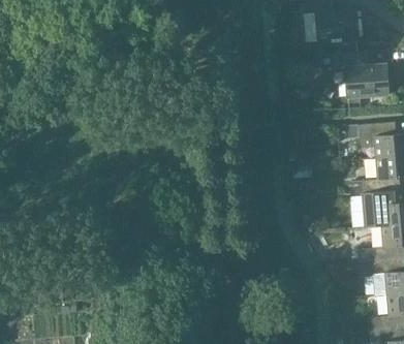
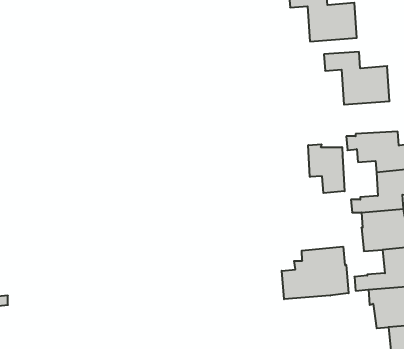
building: none -> [308,144,345,193]
building: none -> [282,247,349,299]

